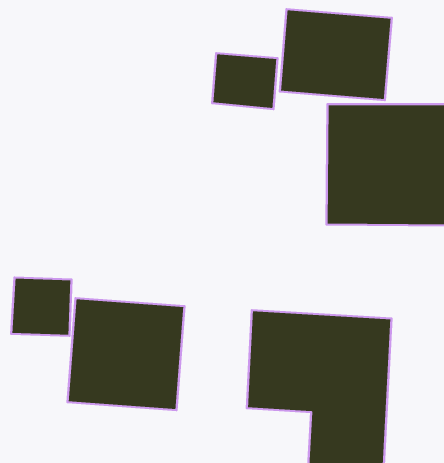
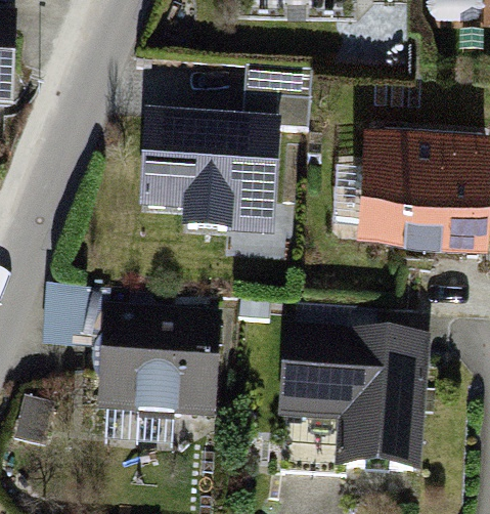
building: [280,9,392,100] -> none
building: none -> [135,120,277,246]

